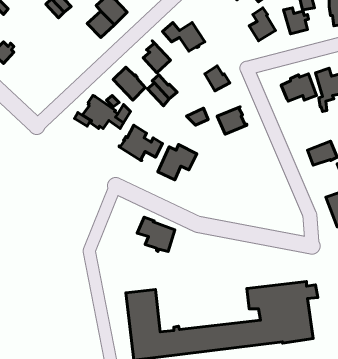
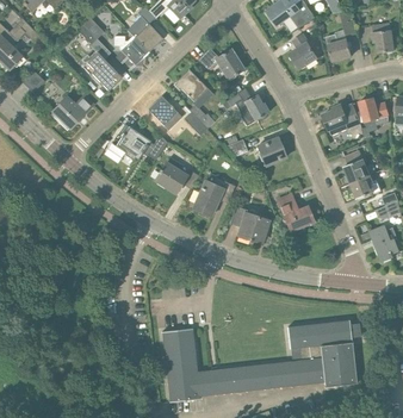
building: none -> [87,51,122,91]
building: none -> [51,94,93,129]
building: none -> [343,150,374,182]
building: none -> [278,193,314,231]
building: [137,217,175,251] -> [229,206,268,242]

